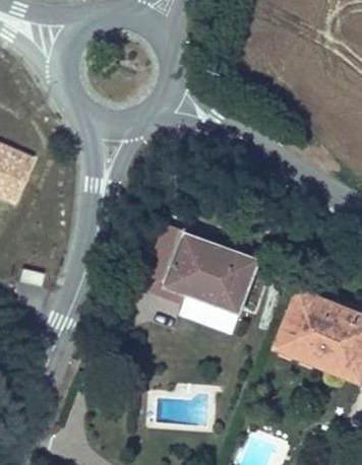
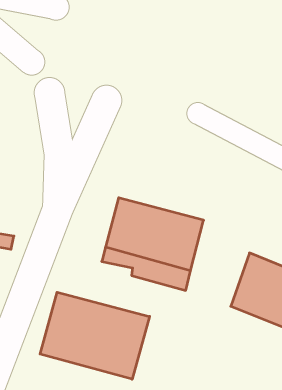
building: none -> [40,292,150,379]

